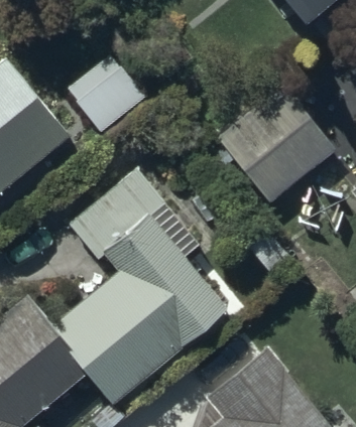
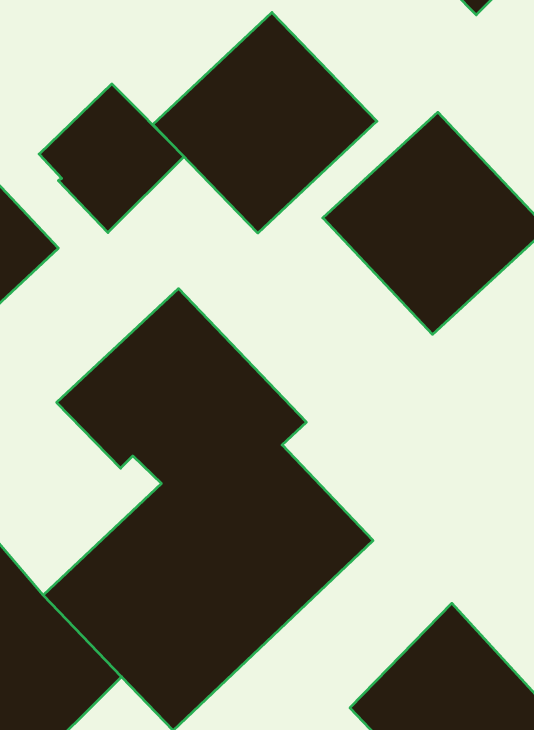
building: none -> [153,12,377,233]

